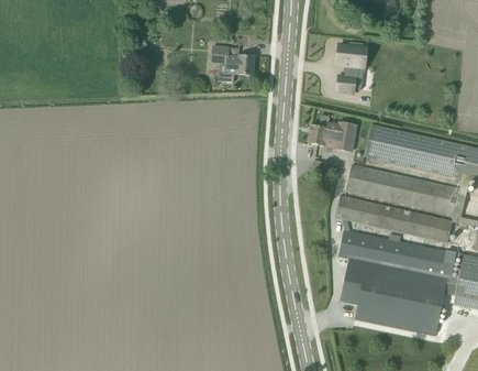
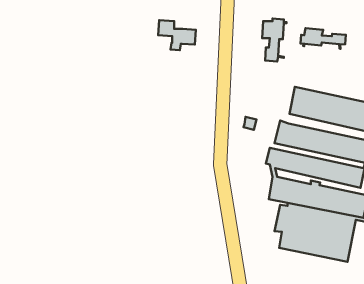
building: none -> [301,28,346,49]
building: [309,121,358,152] -> none

